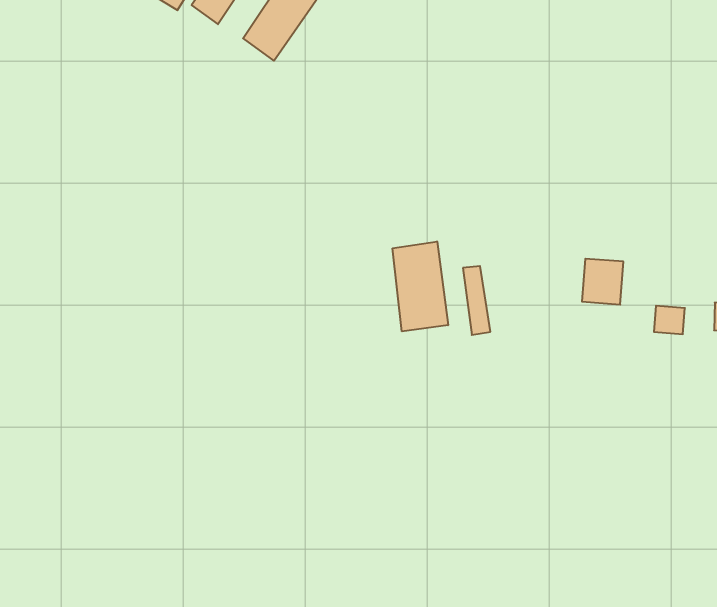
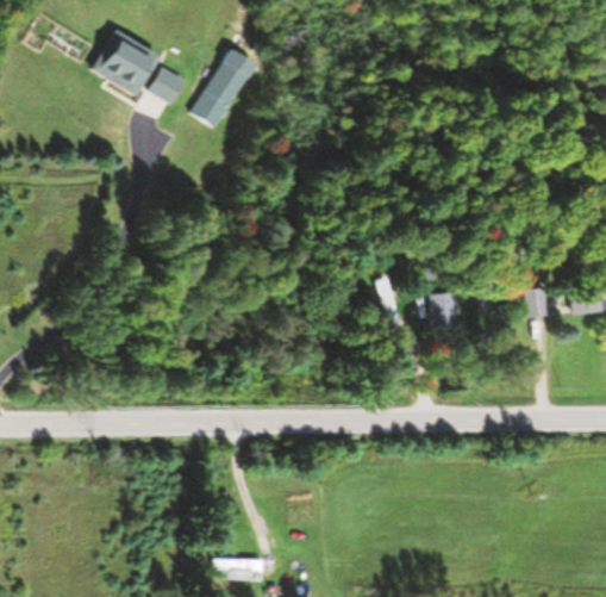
building: [393,241,448,331] -> none
building: [582,259,623,305] -> [430,292,460,325]

